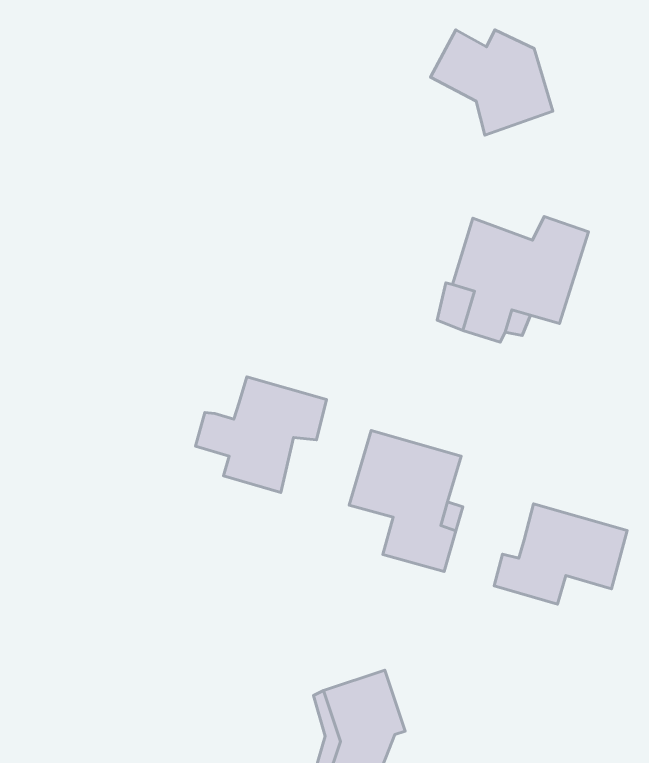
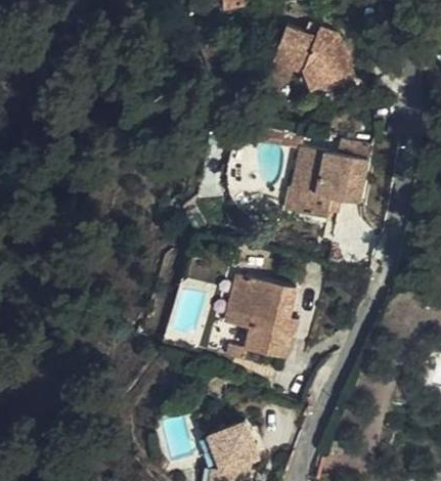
building: [196,377,327,492] -> none
building: [494,504,627,604] -> none

